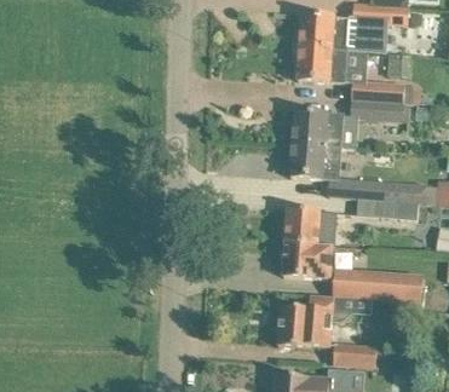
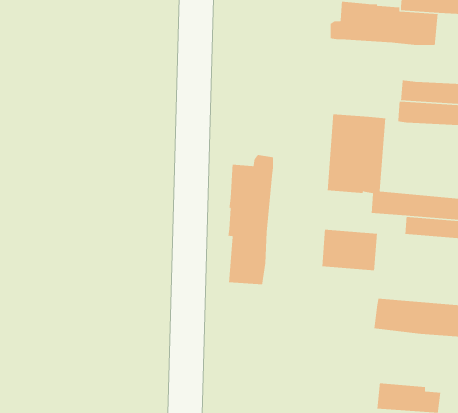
building: [292,46,368,82] -> none
building: none -> [228,154,274,285]
building: [283,242,330,278] -> none
building: [277,296,334,347] -> none

